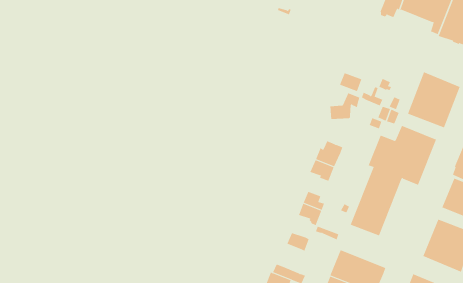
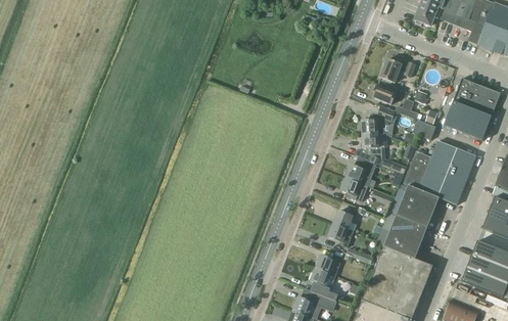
building: none -> [380,56,416,84]
building: none -> [356,133,384,165]
building: none -> [373,246,433,292]
building: none -> [311,267,338,301]

